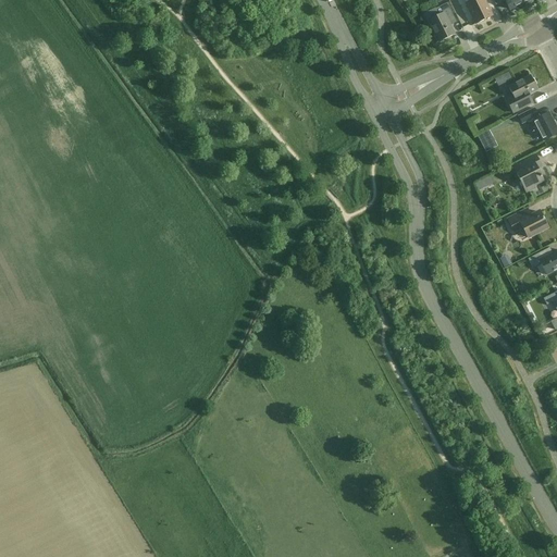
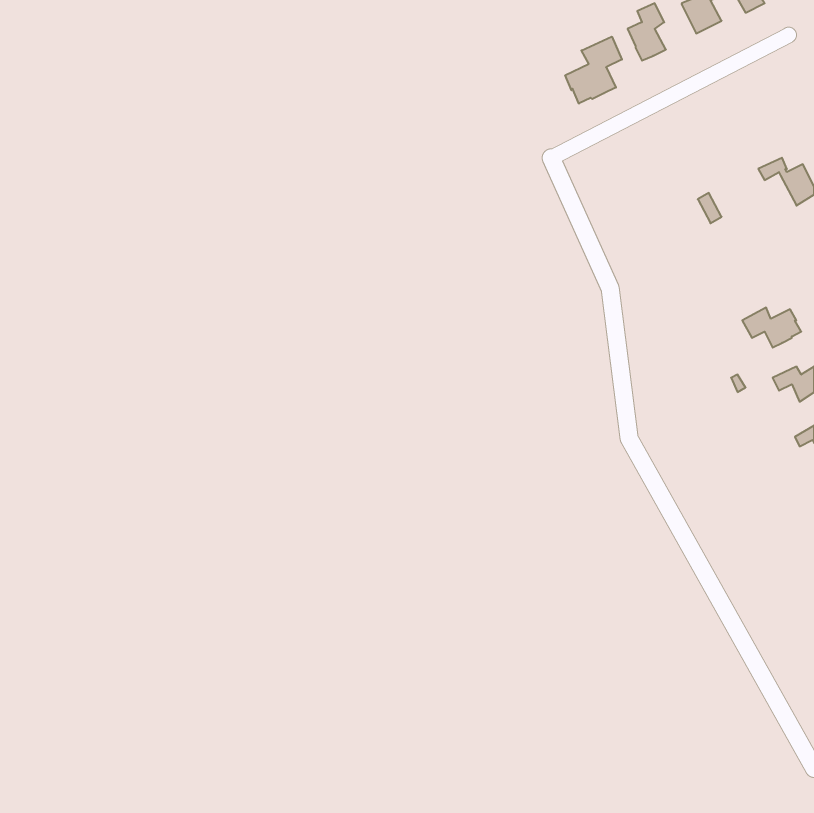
building: none -> [565,37,622,104]
building: [506,75,537,112] -> none
building: [517,154,544,191] -> none

